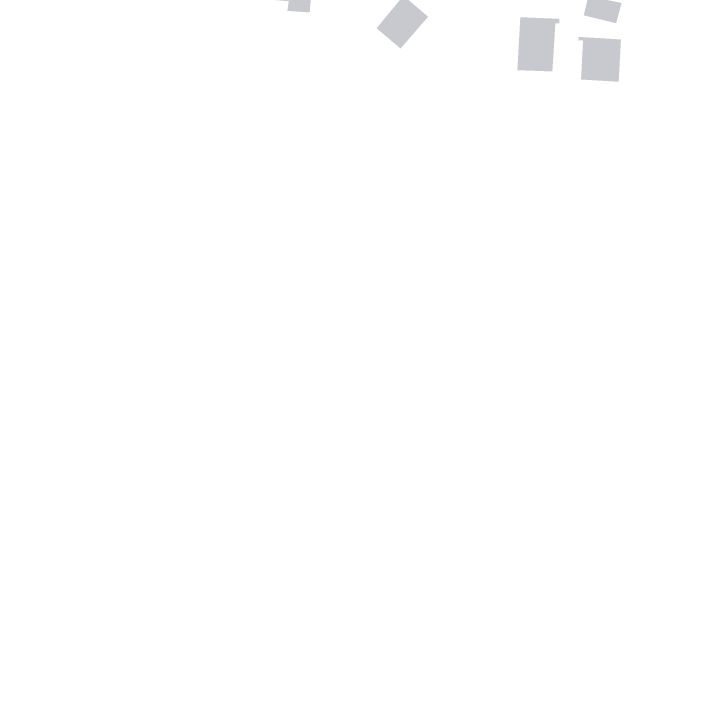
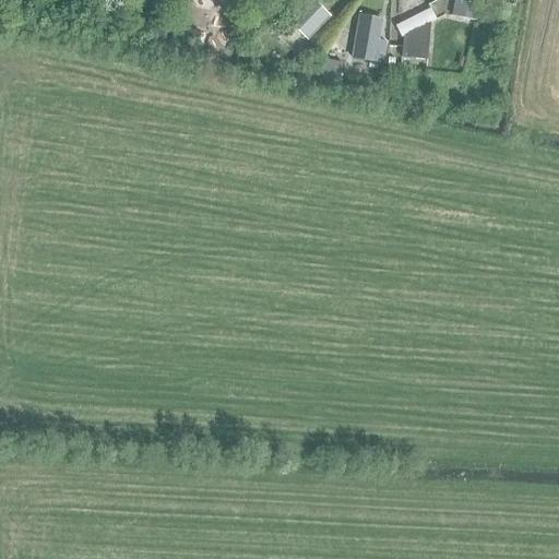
building: none -> [354,11,386,60]
building: [578,36,621,83] -> none

